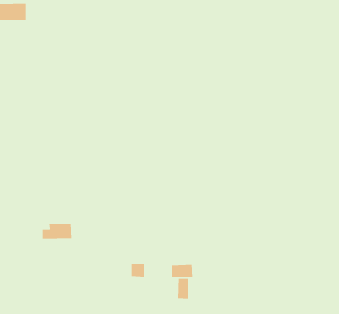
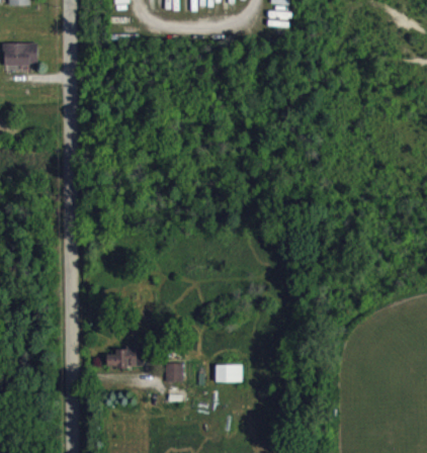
building: [42,223,72,240] -> [106,348,144,368]
building: [177,278,189,300] -> none

